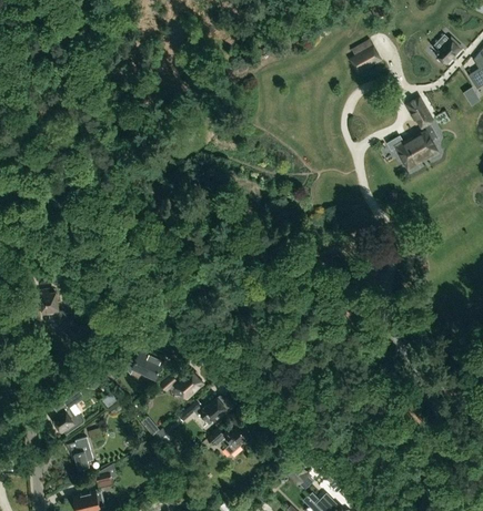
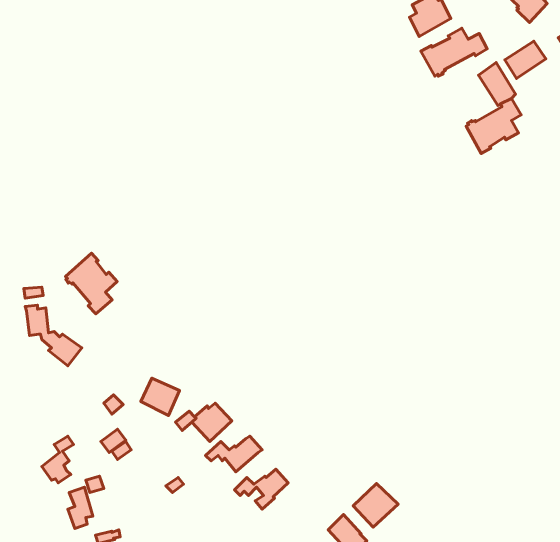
building: none -> [421,28,487,76]
building: none -> [505,41,546,79]
building: none -> [66,253,117,314]
building: none -> [353,483,398,527]

